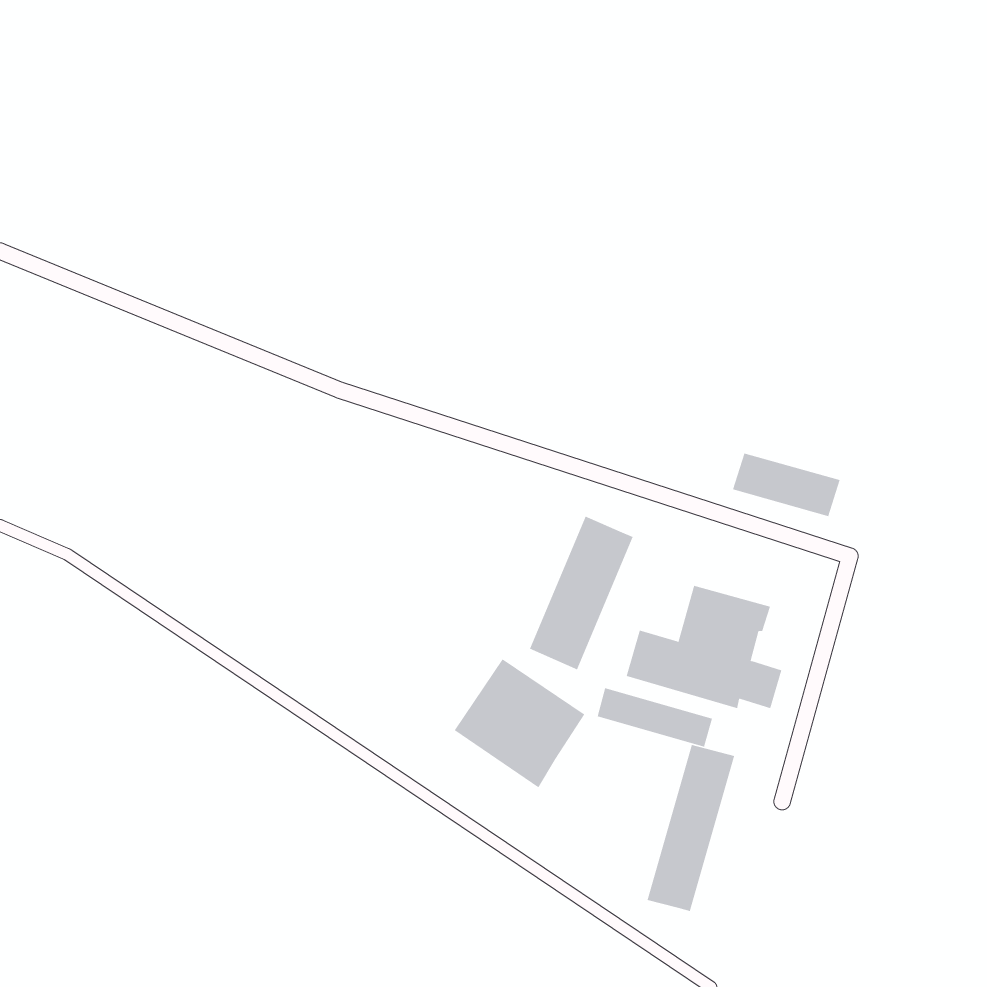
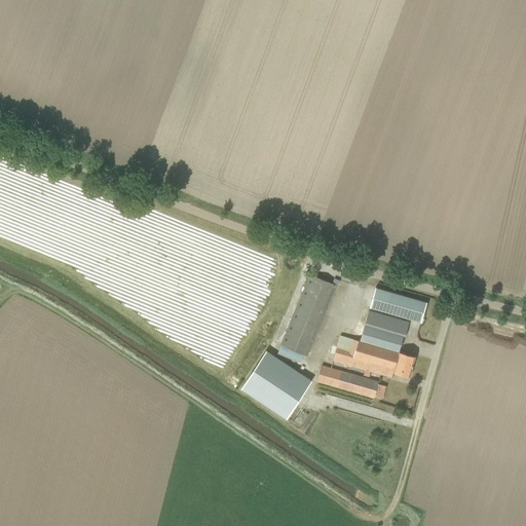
building: [732,453,840,517] -> [370,288,427,322]
building: [647,744,735,912] -> none

